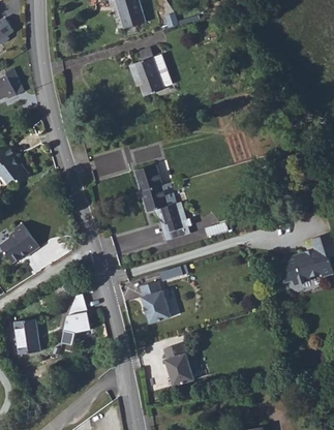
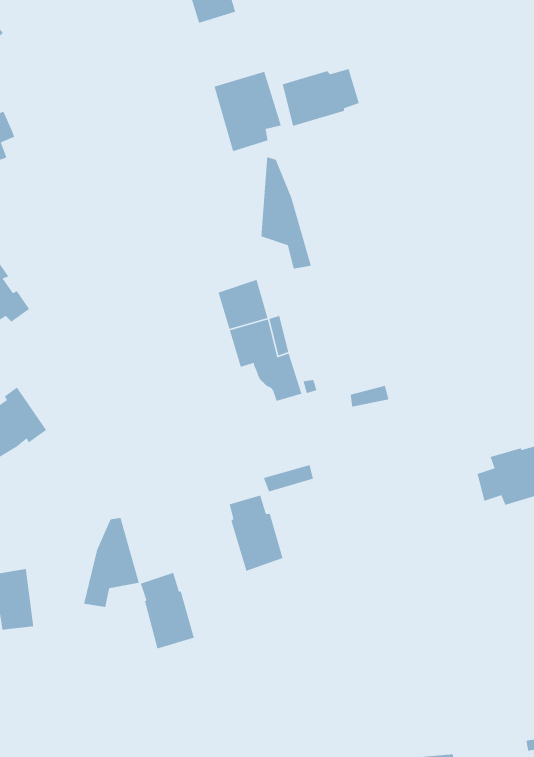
building: none -> [282,68,360,127]
building: none -> [261,156,312,269]
building: [161,344,191,387] -> [140,572,195,649]

